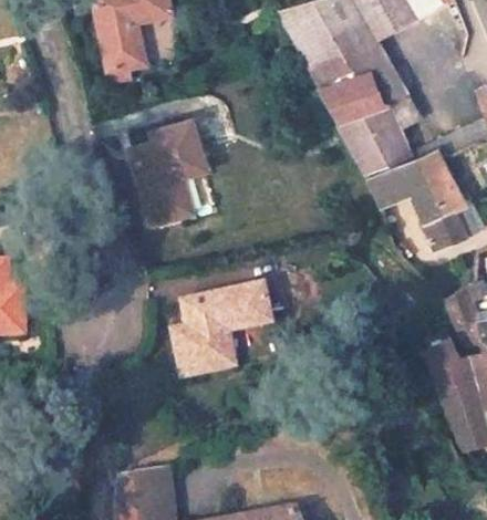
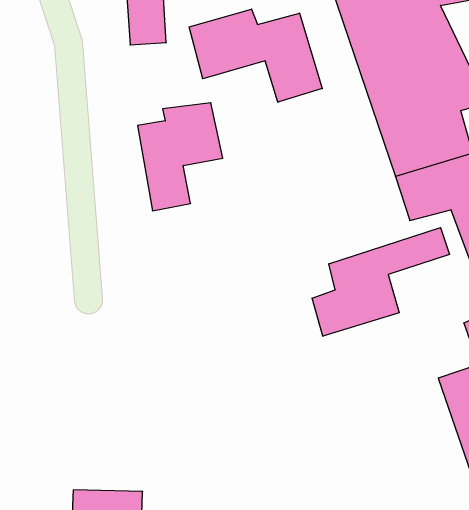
building: none -> [189,9,322,102]
building: none -> [312,228,449,336]
building: [174,287,263,378] -> none

